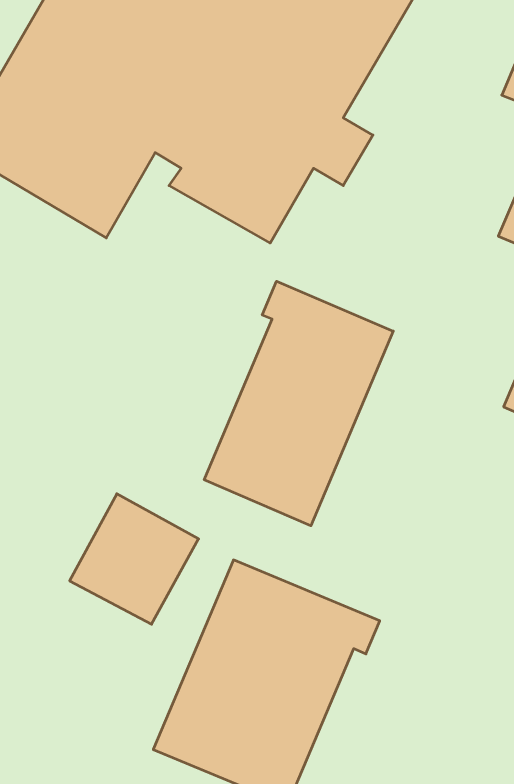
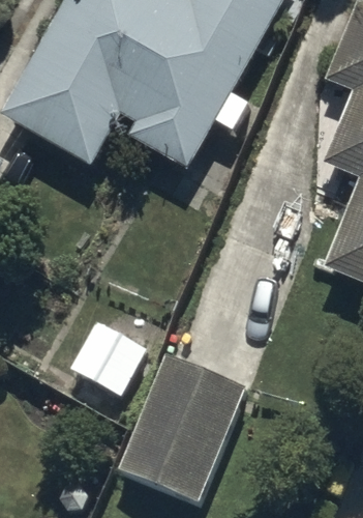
building: [204,281,393,526] -> none

